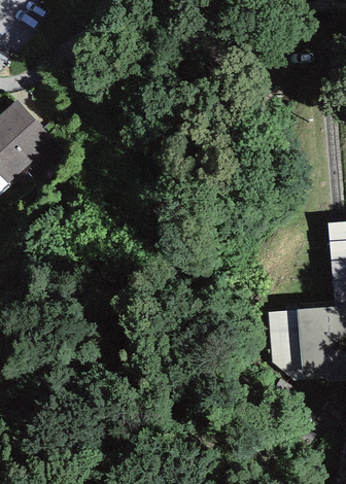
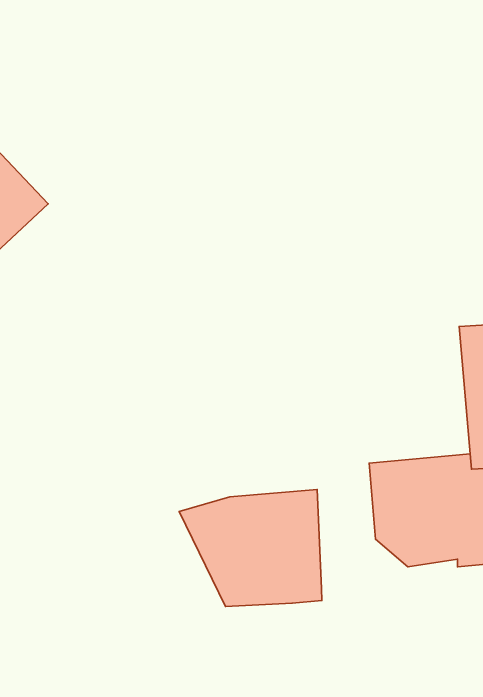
building: none -> [179,490,322,606]

